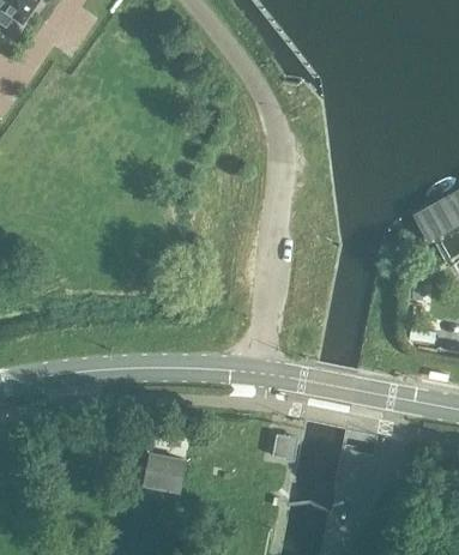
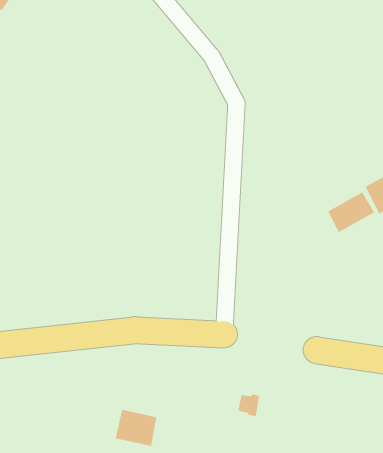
building: none -> [327,191,375,233]

